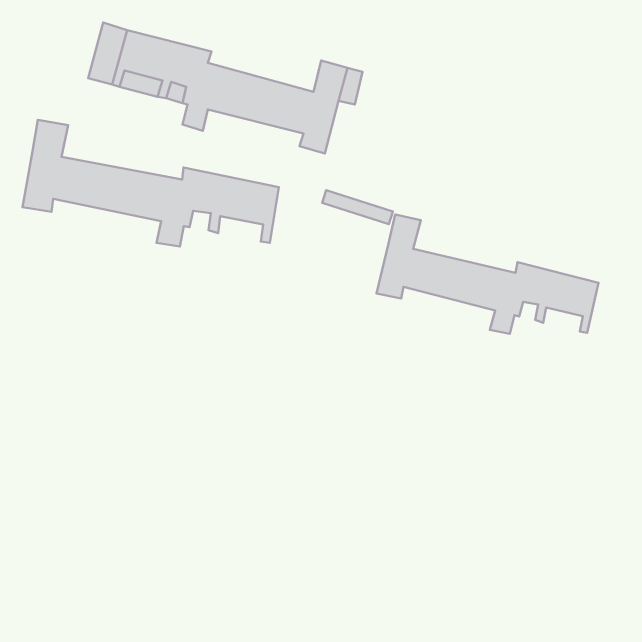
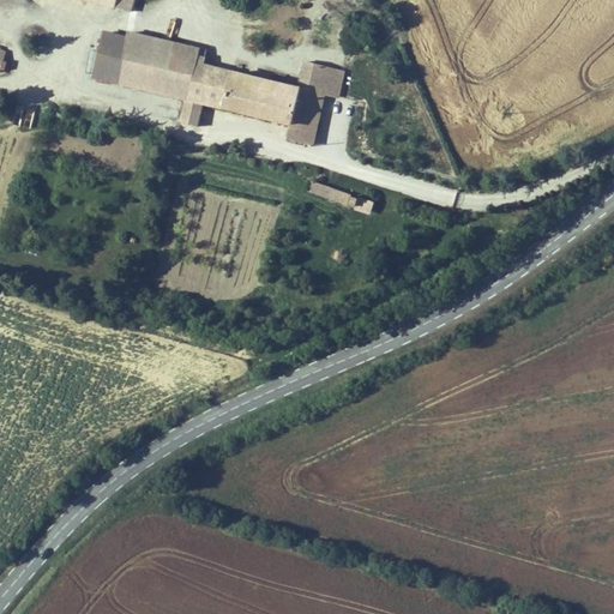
building: [22,120,279,246] -> none
building: [376,215,598,334] -> none

